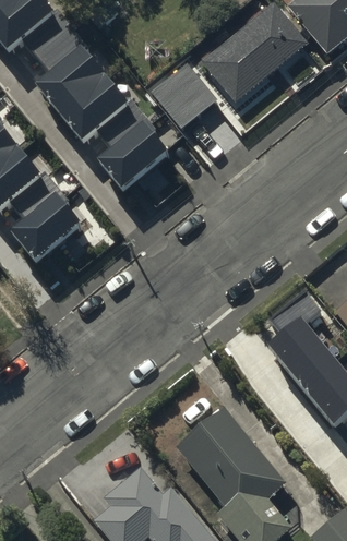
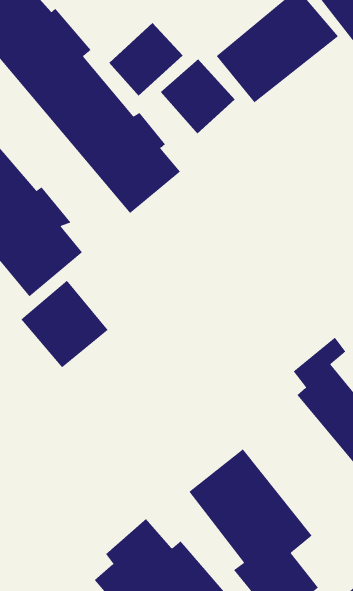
building: none -> [108,22,184,96]
building: none -> [20,280,109,368]

